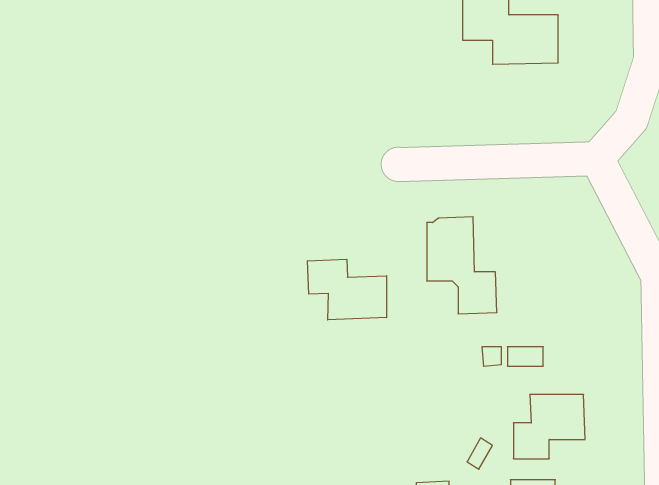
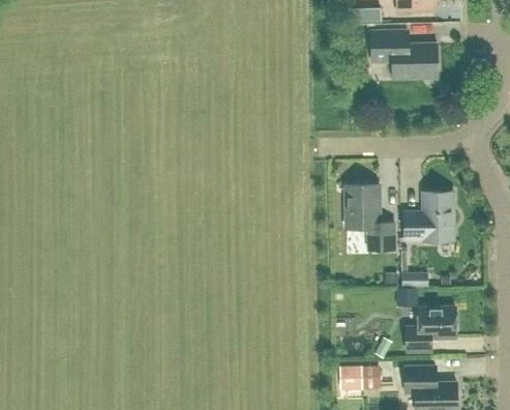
building: none -> [404,191,454,241]
building: [308,259,387,320] -> none

